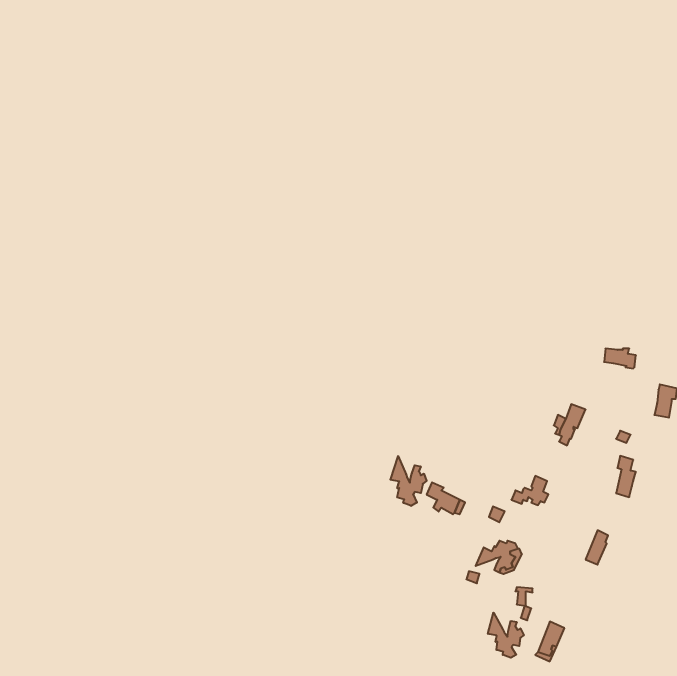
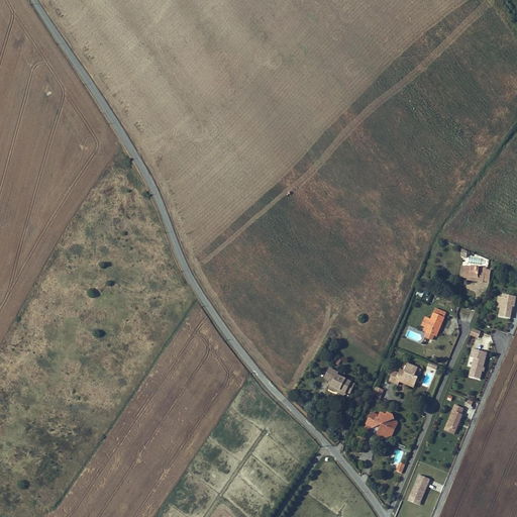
building: [390,456,427,506] -> none
building: [488,613,524,658] -> none

